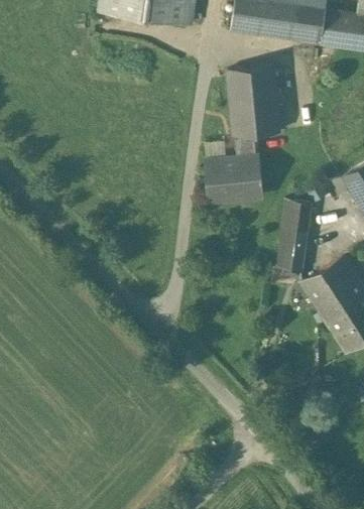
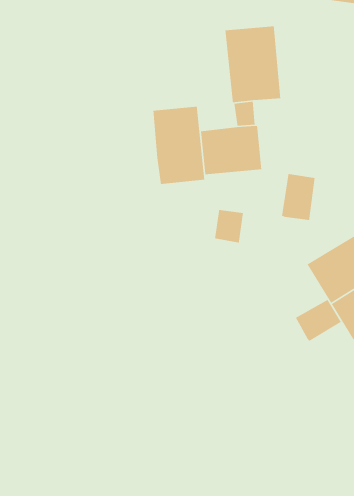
building: none -> [153,106,205,185]
building: [276,241,304,272] -> [214,209,244,243]
building: none -> [295,299,342,342]

